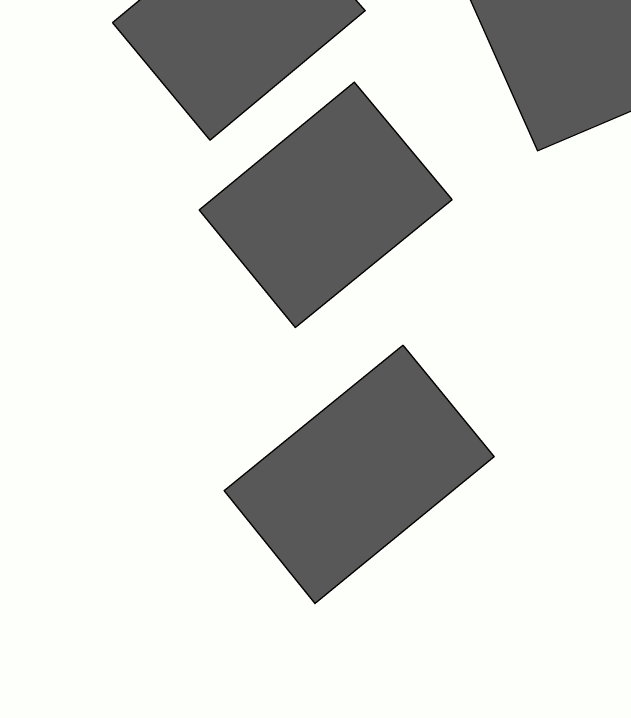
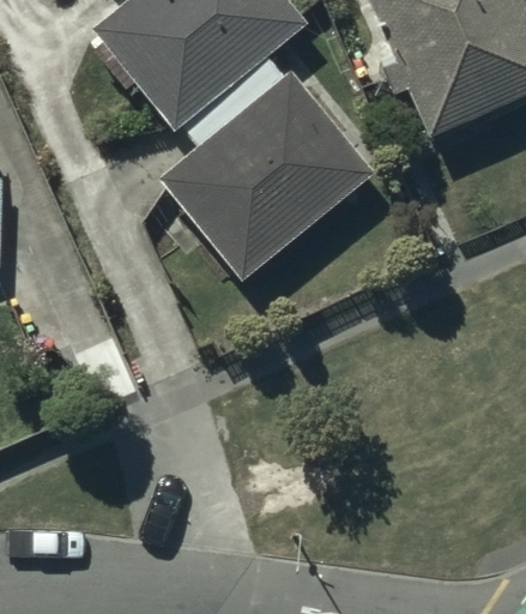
building: [224,345,494,604] -> none

